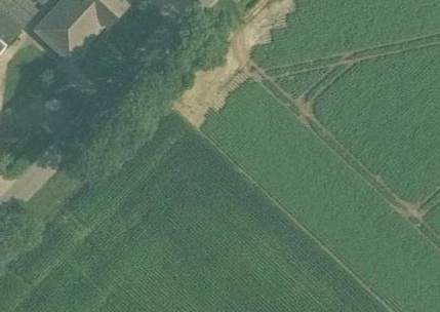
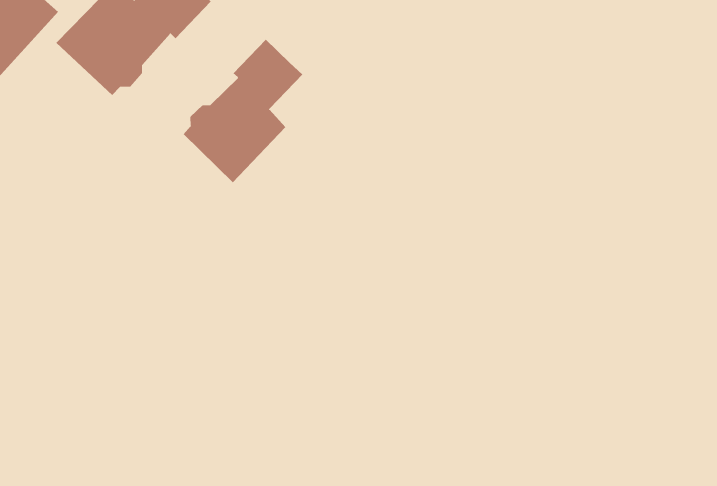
building: none -> [183,39,303,183]

